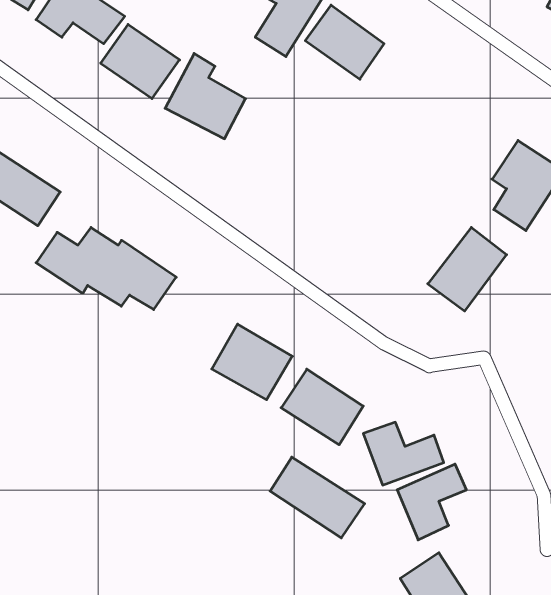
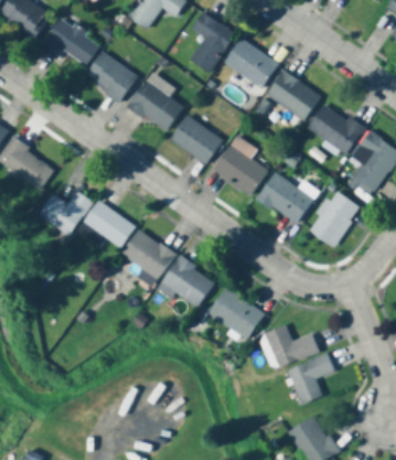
building: none -> [267,69,321,119]
building: none -> [308,100,364,153]
building: none -> [170,114,223,162]
building: none -> [213,133,268,194]
building: none -> [257,170,314,224]
building: none -> [121,227,175,286]
building: [270,457,365,538] -> none

